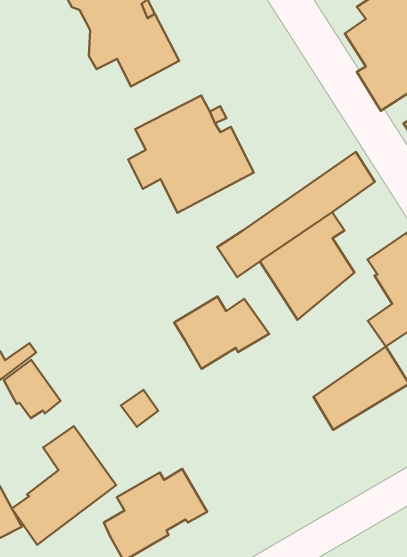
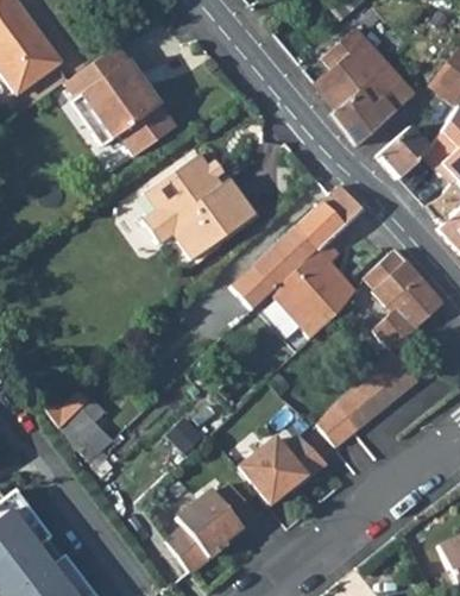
building: [174,296,269,369] -> [240,437,324,503]
building: none -> [307,403,357,453]
building: [12,426,116,545] -> none

